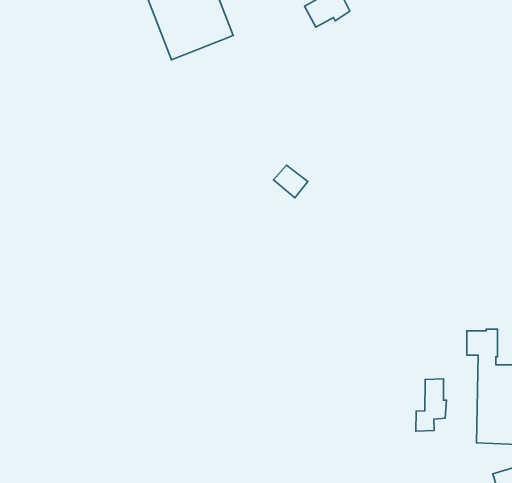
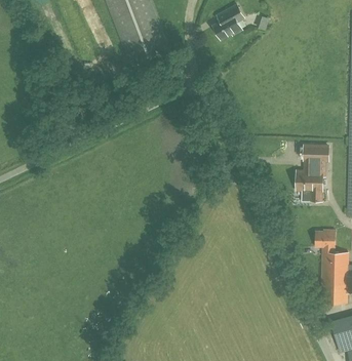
building: none -> [296,145,326,190]
building: [416,379,446,431] -> none

